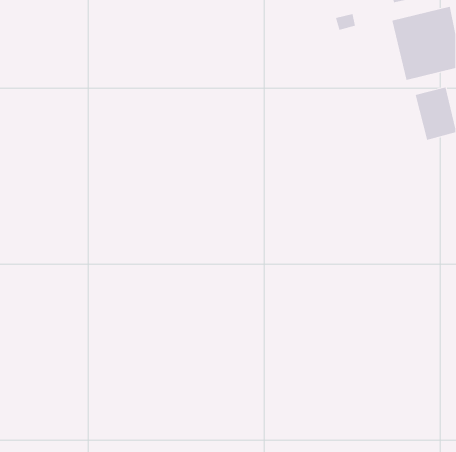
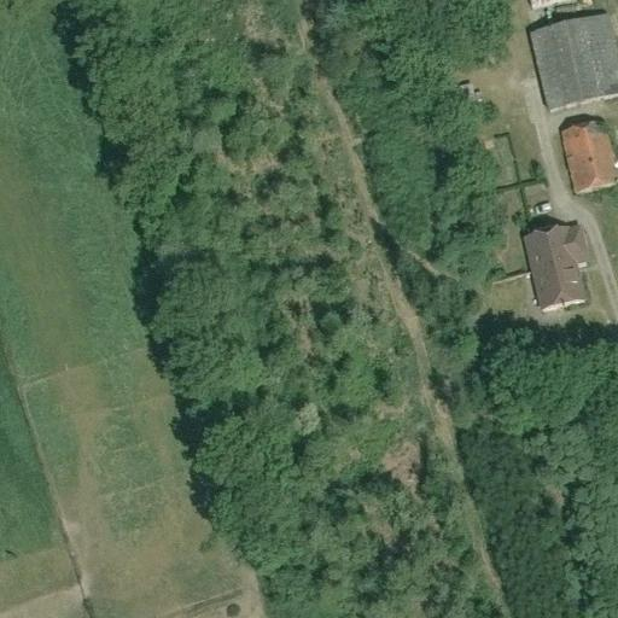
building: none -> [525,225,587,307]

